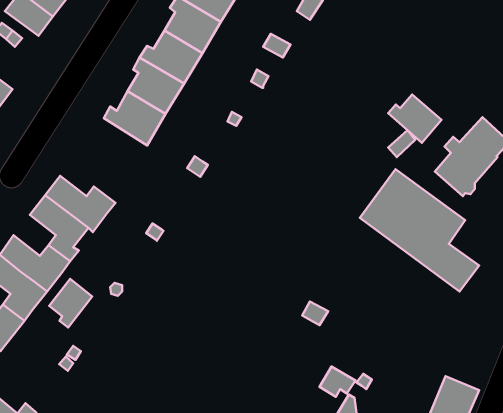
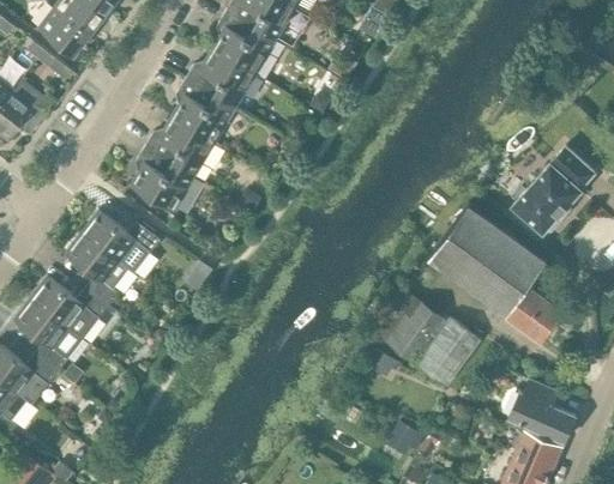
building: [388,95,441,143] -> none
building: none -> [132,147,194,211]
building: none -> [367,291,481,387]
building: [49,279,92,327] -> none
building: none -> [507,381,574,441]

